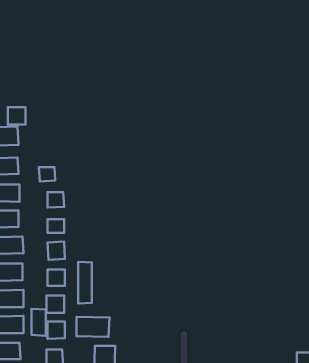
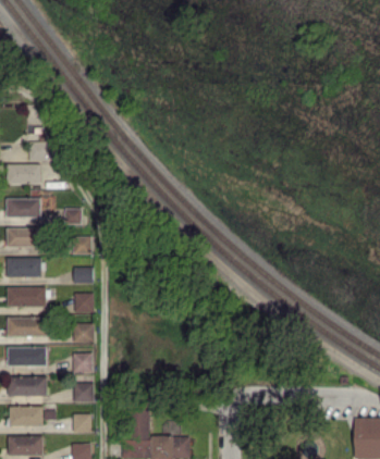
building: [78,262,92,304] -> none
building: [31,309,46,336] -> none
building: [76,317,109,337] -> none

